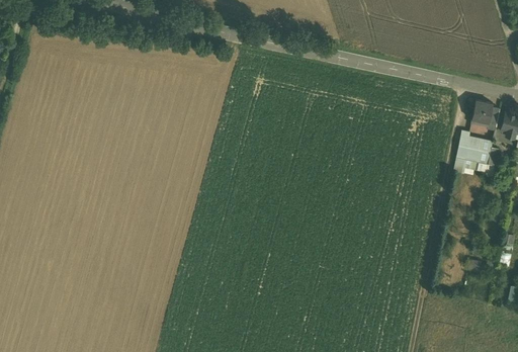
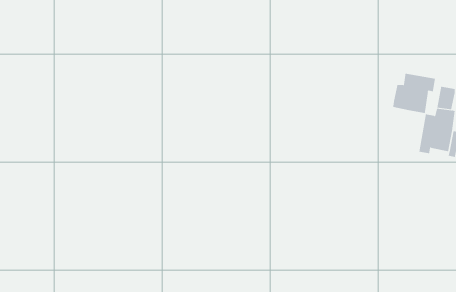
building: none -> [393,73,436,114]

